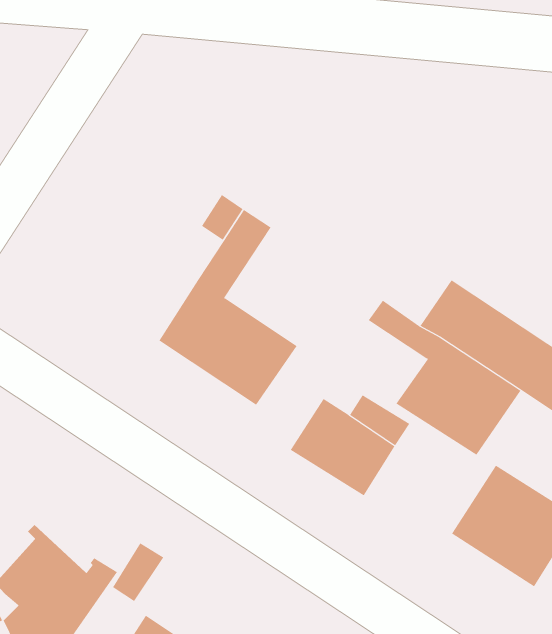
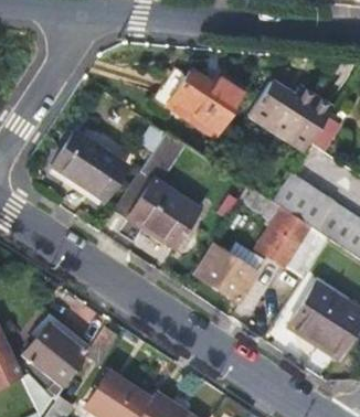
building: none -> [168,69,246,137]
building: none -> [247,82,332,152]
building: none -> [52,133,126,201]

